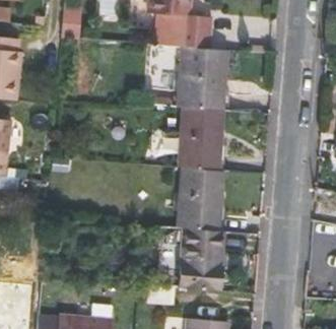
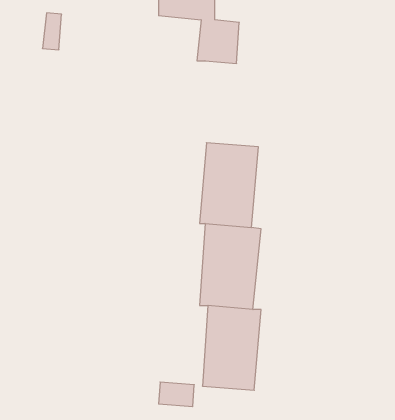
building: [178,46,227,110] -> none

